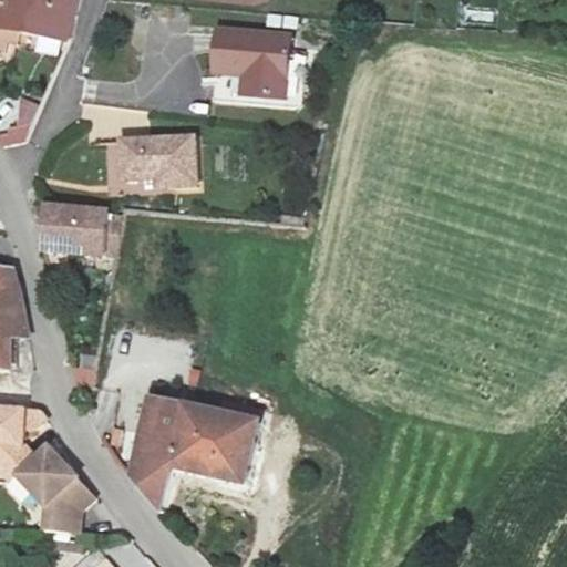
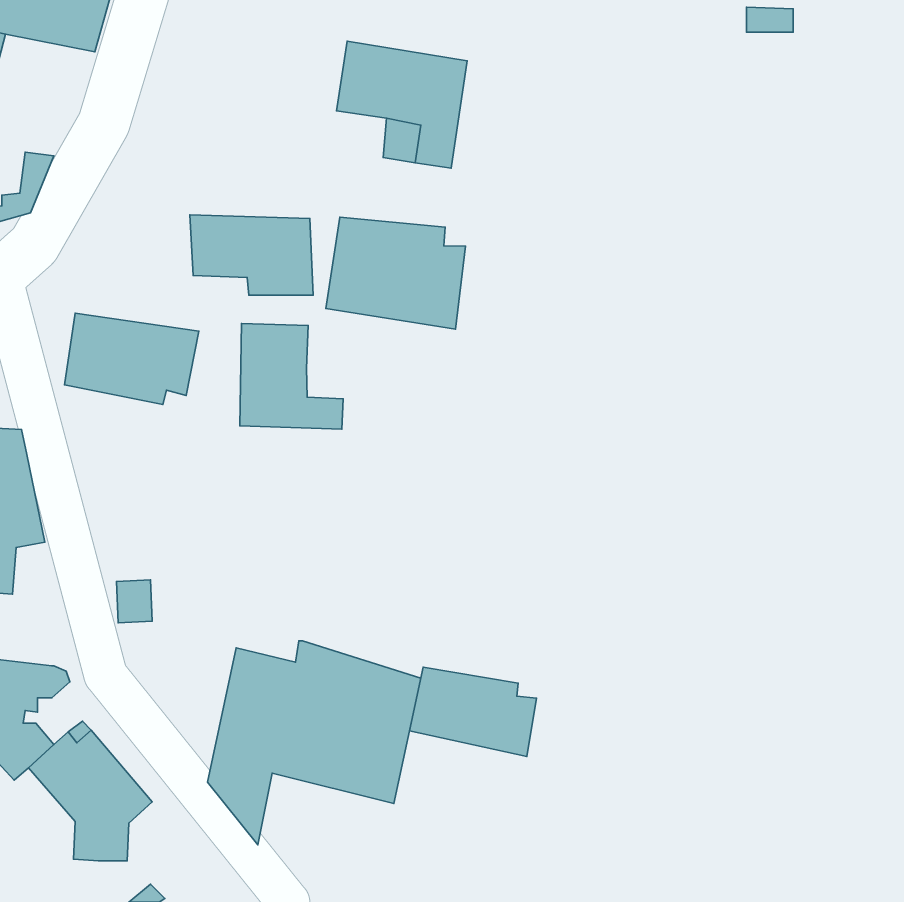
building: none -> [326,217,465,329]
building: none -> [240,323,343,429]
building: none -> [409,667,536,756]

